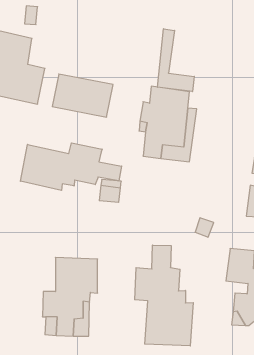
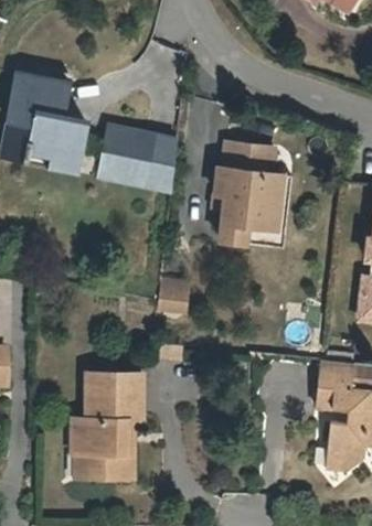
building: [158,29,194,92] -> none
building: [20,143,122,190] -> none
building: [135,245,193,346] -> none

